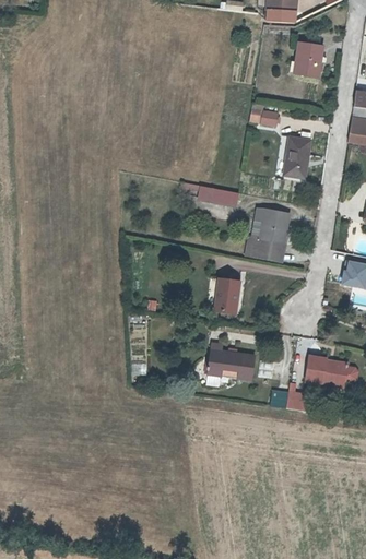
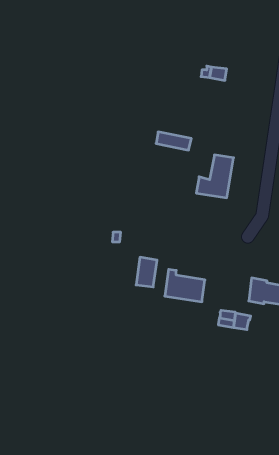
building: [295,41,324,76] -> none
building: [283,136,310,178] -> none
building: [214,277,238,311] -> [136,257,157,287]

